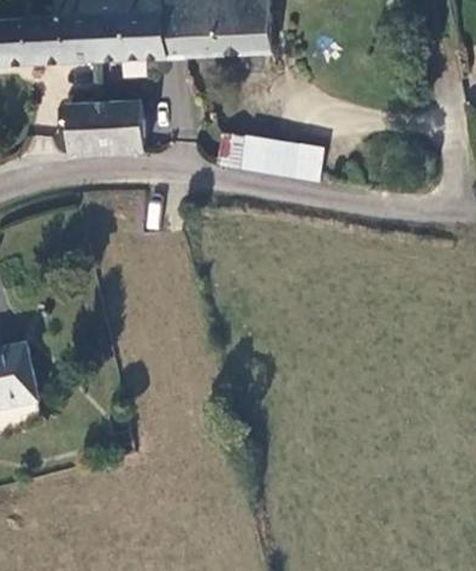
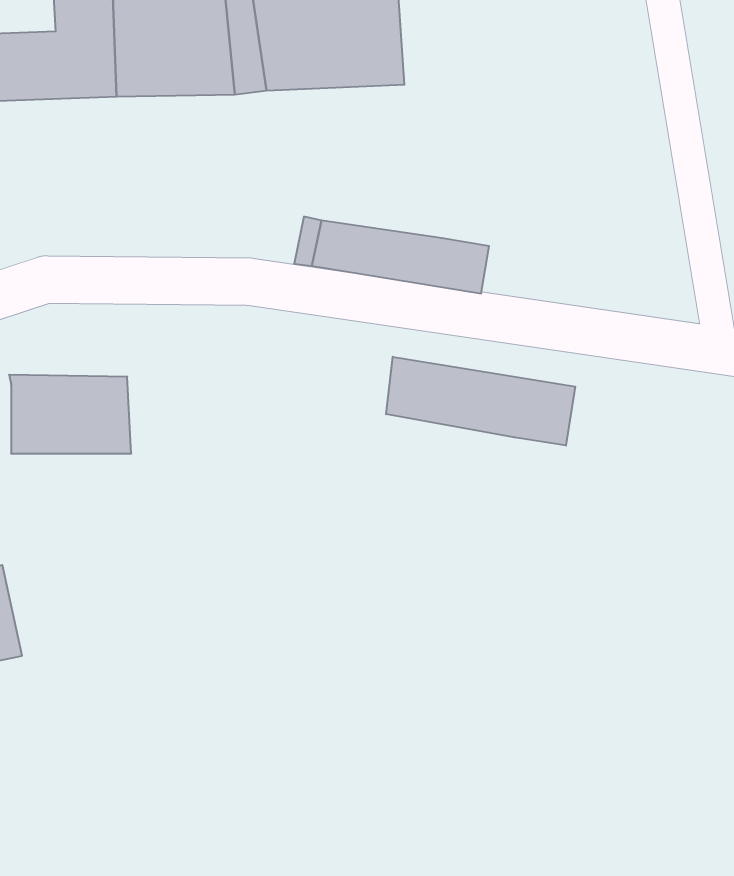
building: [67,106,142,154] -> [9,375,131,454]
building: none -> [386,357,575,446]

